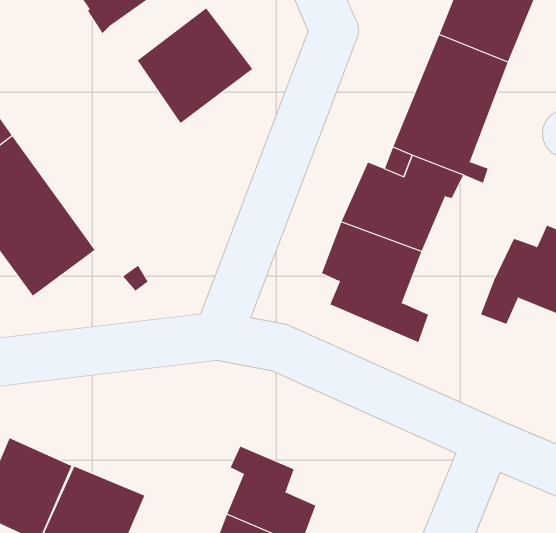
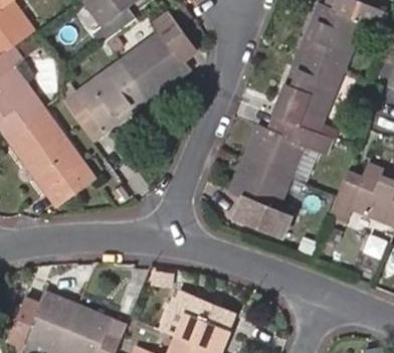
building: none -> [61,62,146,130]

